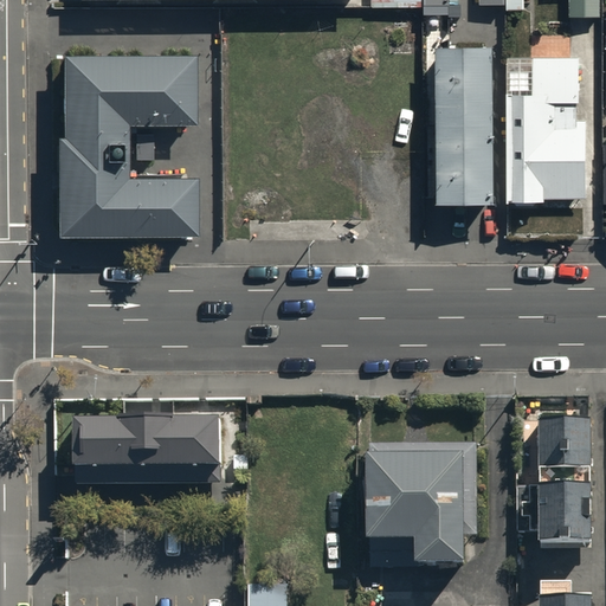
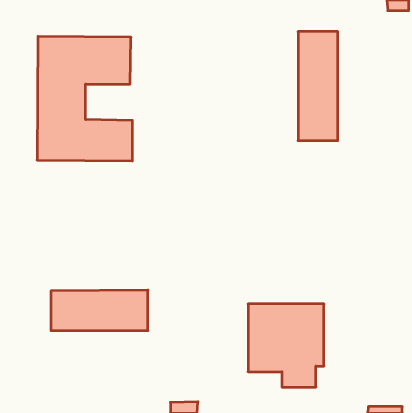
building: [507,60,587,201] -> none
building: [539,421,589,543] -> none

